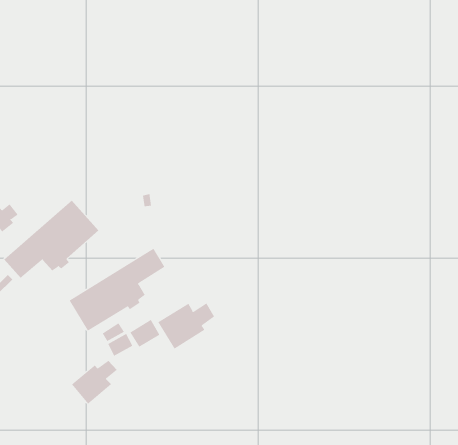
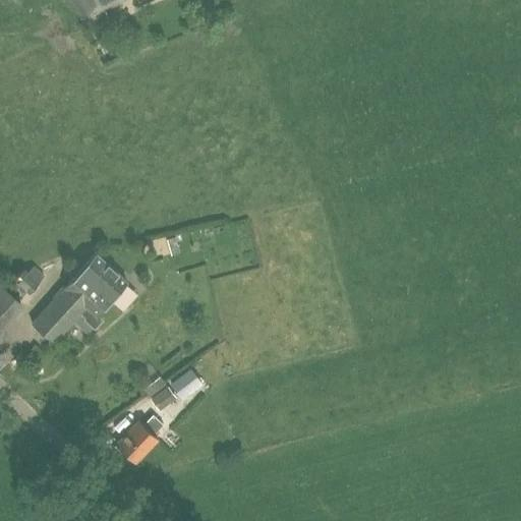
building: [69,248,165,332] -> none
building: [158,302,215,349] -> none

